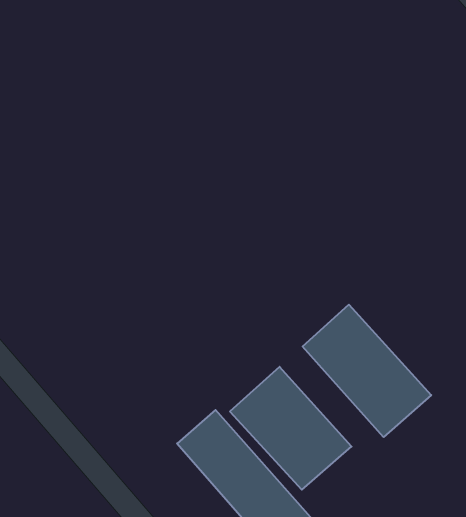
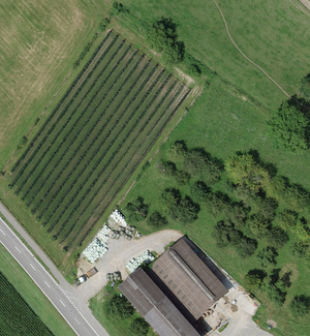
building: [303,305,431,437] -> none

